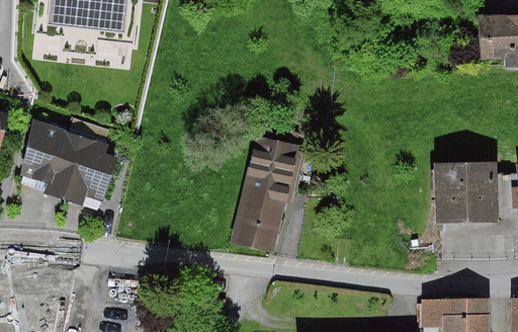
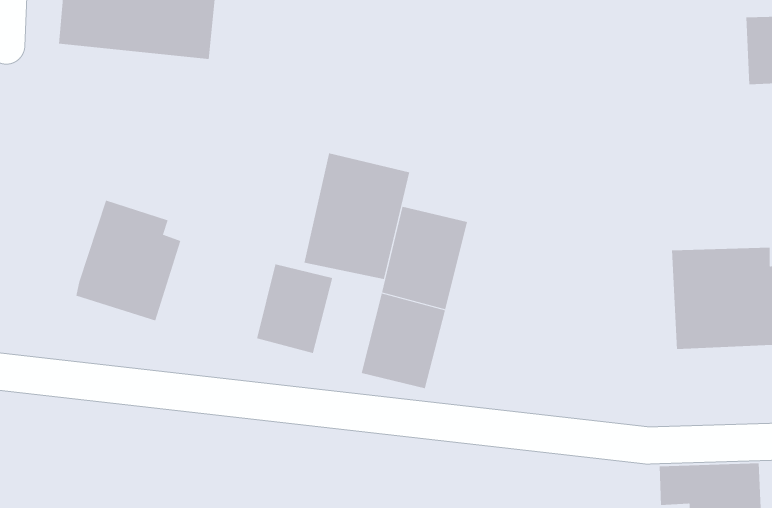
building: none -> [304,153,410,280]
building: [18,120,68,183] -> none
building: none -> [256,264,333,354]

